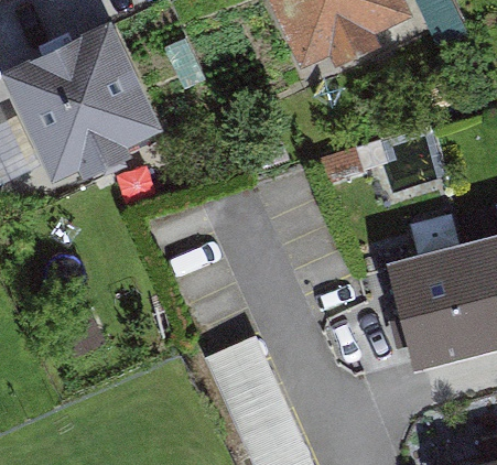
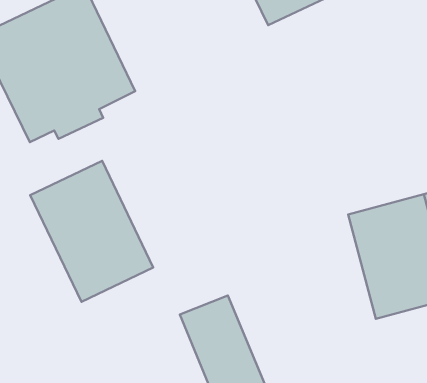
building: none -> [30,161,153,302]

